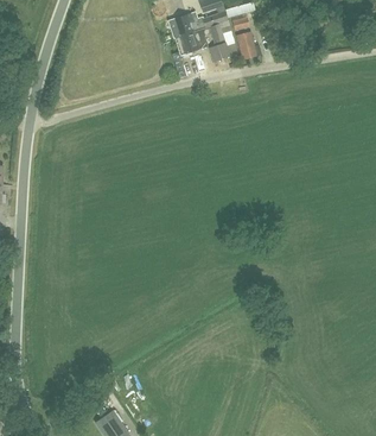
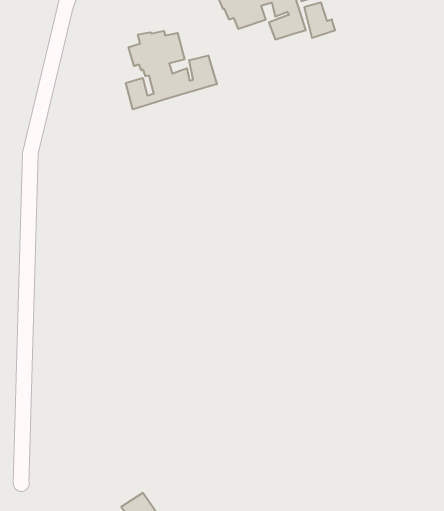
building: none -> [126,31,217,109]

